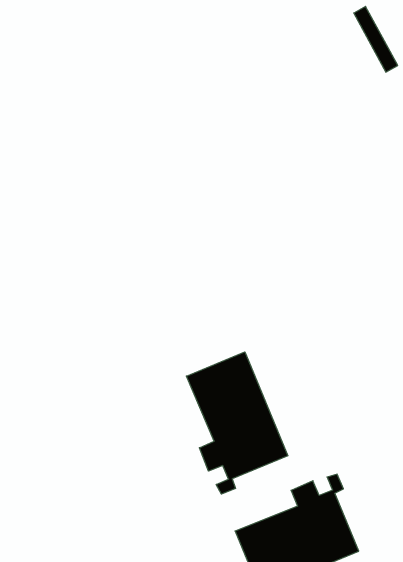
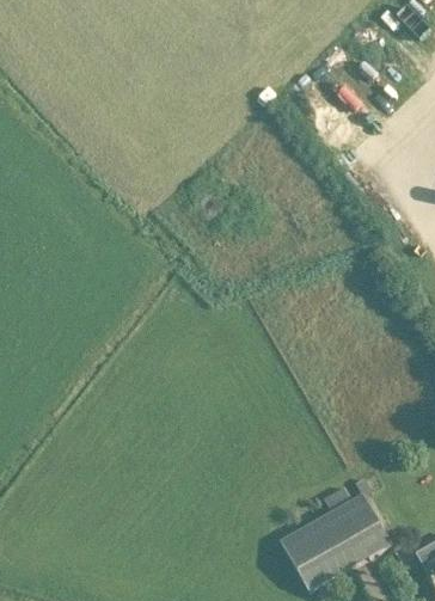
building: [186,352,288,494] -> none

